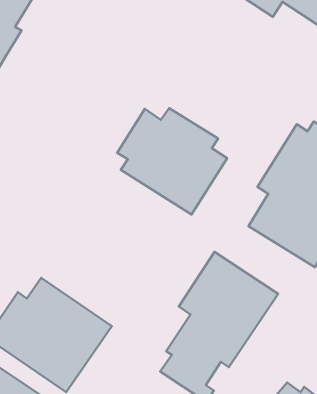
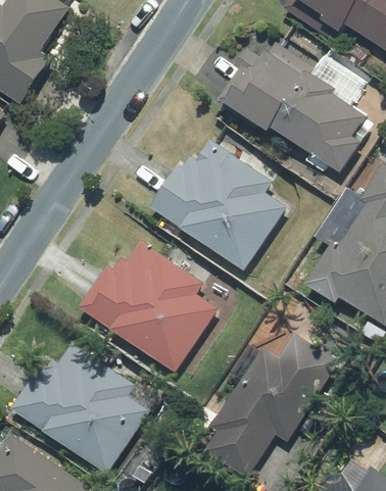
building: none -> [216,41,373,173]
building: none -> [77,239,221,374]

